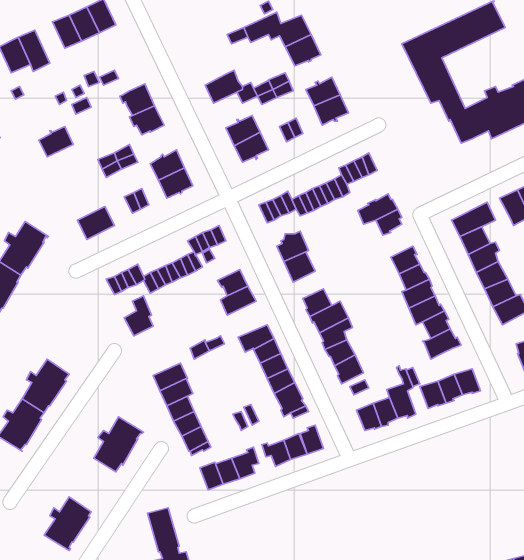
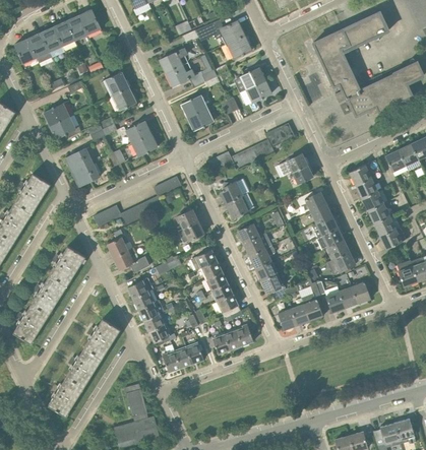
building: none -> [41,25,65,56]
building: none -> [161,47,188,72]
building: none -> [50,116,81,138]
building: none -> [65,147,93,172]
building: none -> [50,245,85,285]
building: none -> [114,247,149,271]
building: none -> [66,347,101,387]

